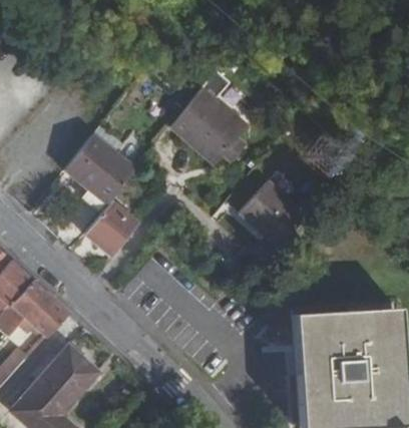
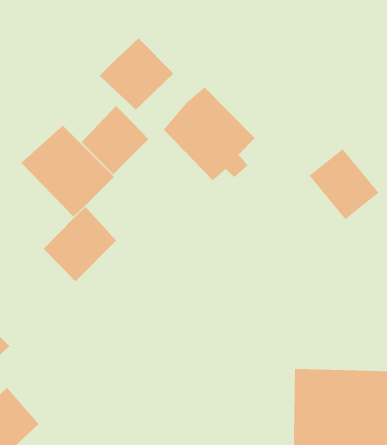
building: none -> [99,37,174,111]
building: none -> [81,105,149,175]
building: [236,181,303,249] -> none

